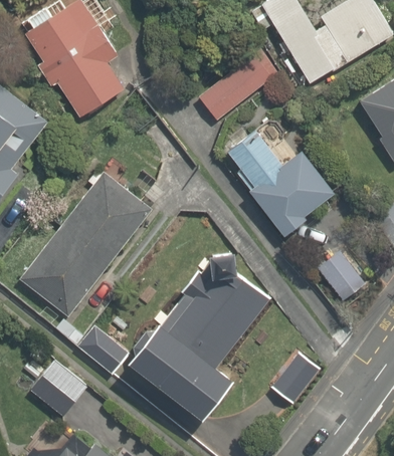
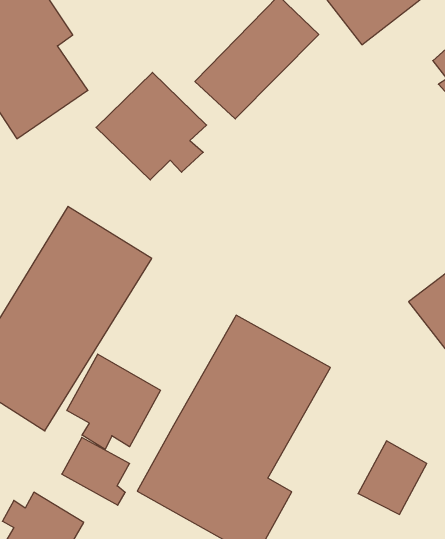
building: none -> [96,72,207,180]
building: [215,125,336,238] -> none
building: none -> [67,354,160,449]

